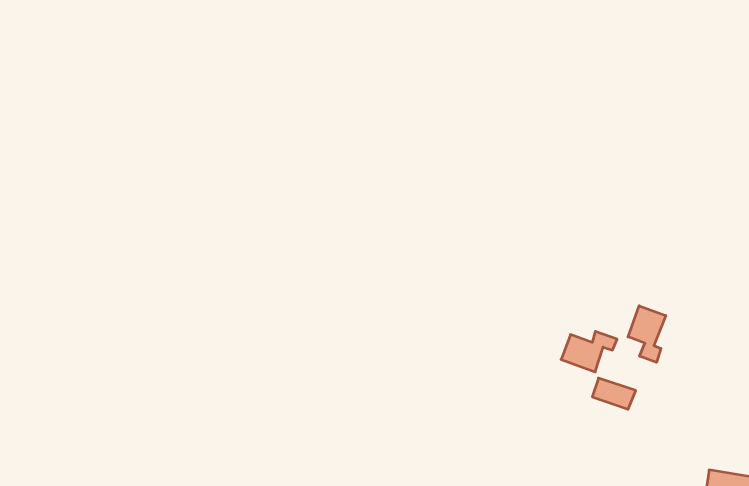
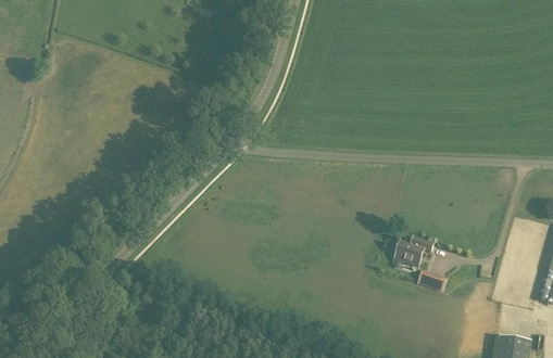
building: [628,306,666,362] -> none

